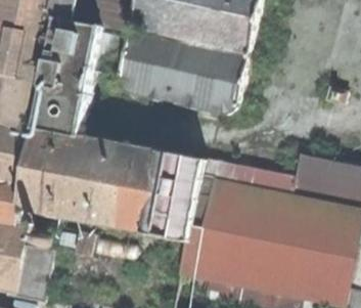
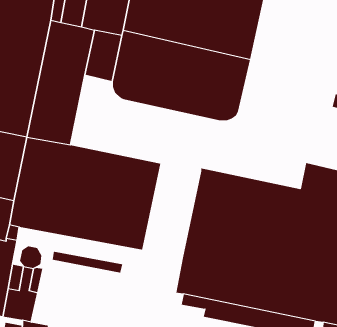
building: [146,153,200,241] -> none

